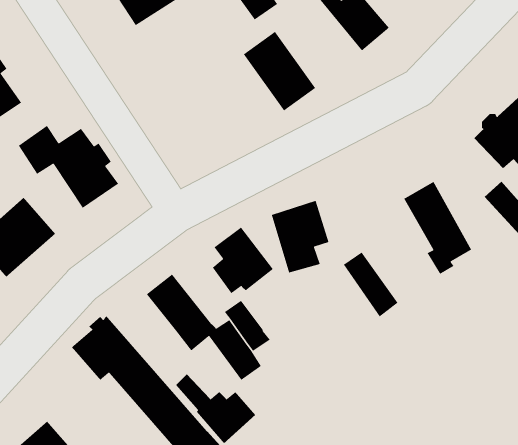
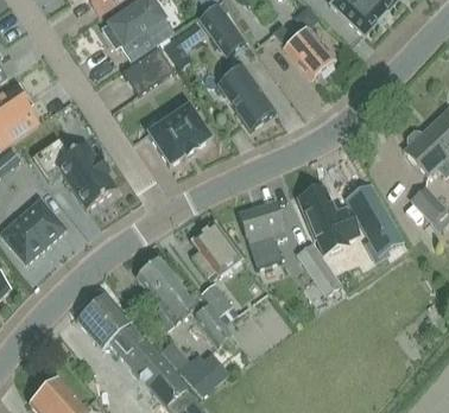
building: none -> [121,45,172,93]
building: none -> [147,104,209,164]
building: none -> [297,185,358,254]

